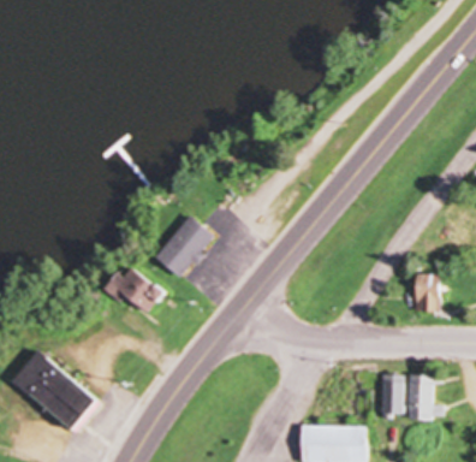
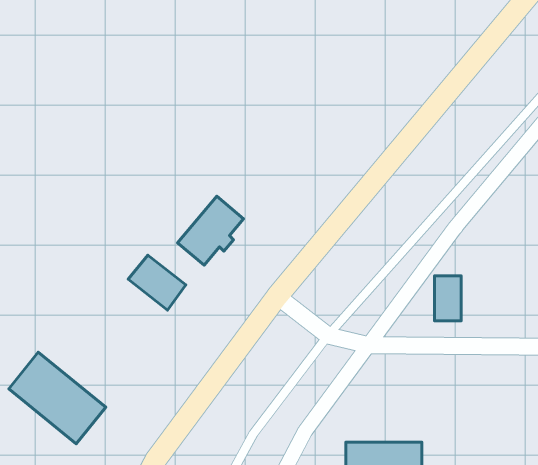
building: [417,274,440,313] -> [435,276,461,321]
building: [382,375,404,416] -> none
building: [409,375,434,421] -> none

